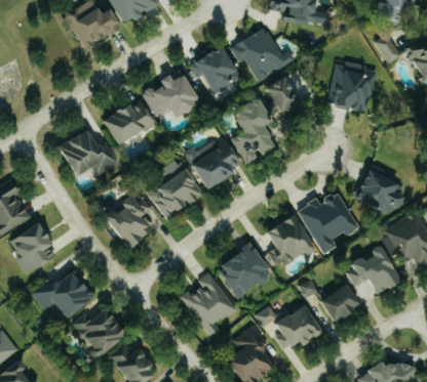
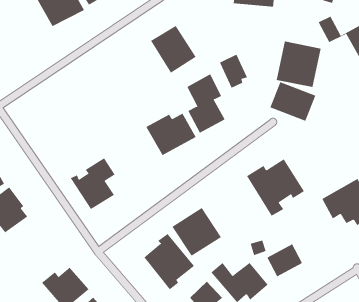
building: [232,27,295,82] -> none
building: [144,75,194,119] -> none
building: [101,101,155,145] -> none
building: [56,129,119,177] -> none
building: [149,170,201,215] -> none
building: [354,171,405,215] -> [269,82,316,122]
building: [265,215,312,266] -> none
building: [345,244,399,294] -> none
building: [33,271,92,320] -> none

